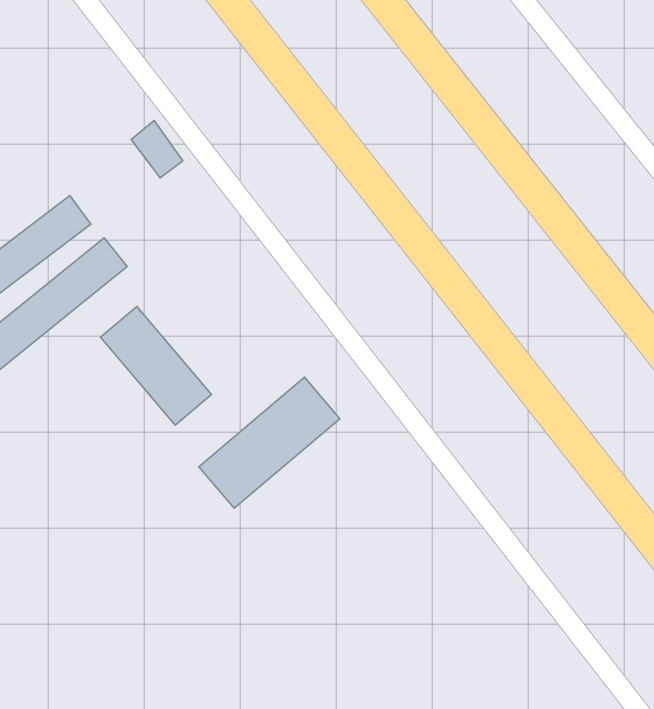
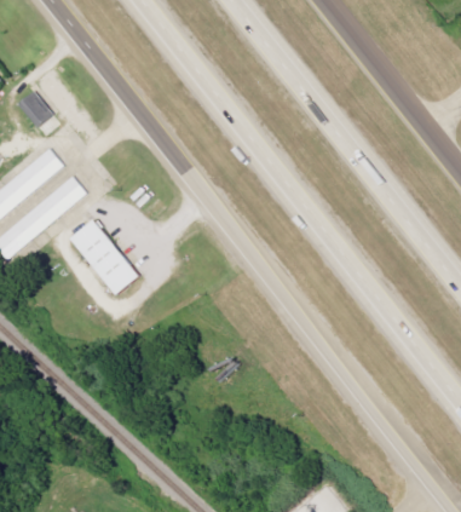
building: [131,121,183,178] -> [17,91,50,127]
building: [199,377,340,508] -> none

